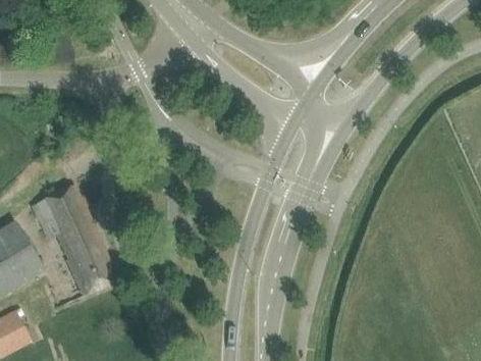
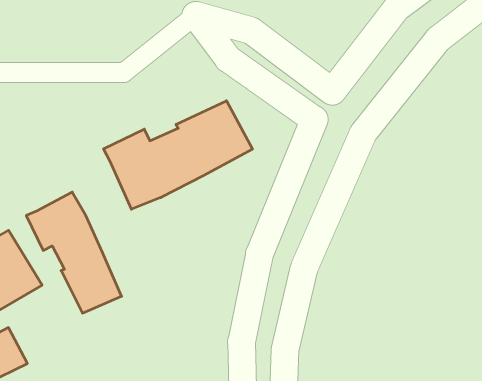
building: none -> [104,101,252,209]

